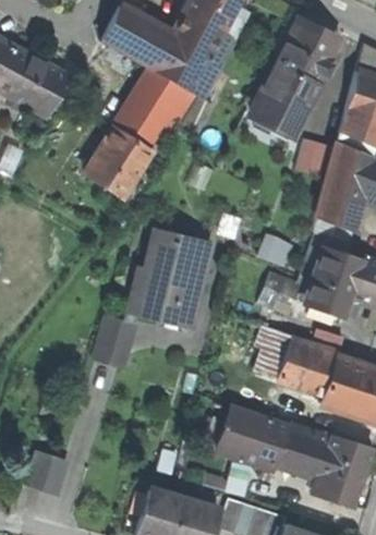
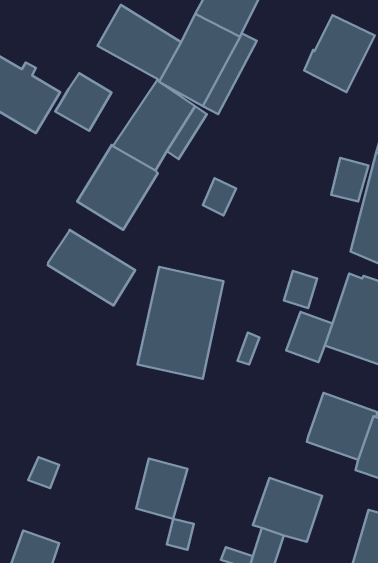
building: [250,63,319,136] -> none
building: none -> [55,73,112,131]
building: none -> [48,230,135,306]
building: [95,314,138,365] -> [136,458,187,519]
building: [256,327,292,374] -> none
building: [278,424,330,476] -> none

